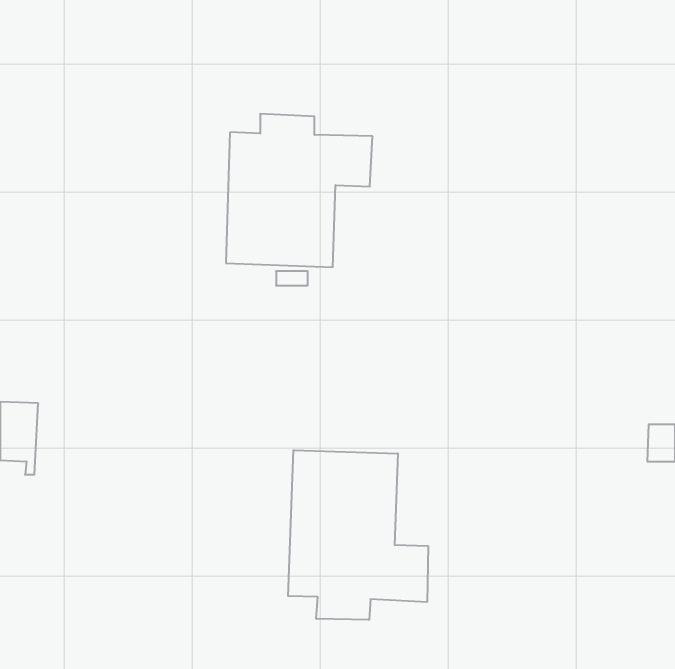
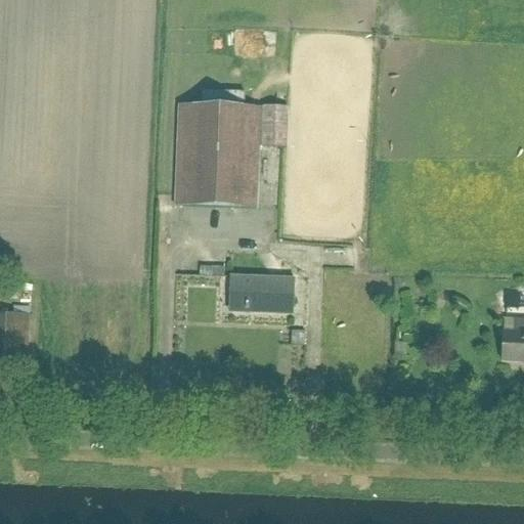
building: none -> [228,272,293,309]
building: [288,450,428,620] -> none

